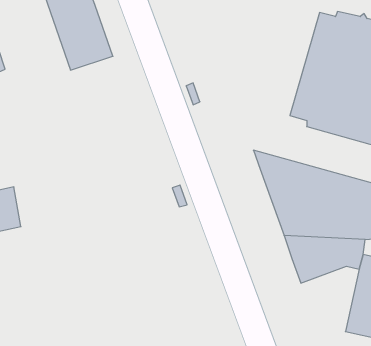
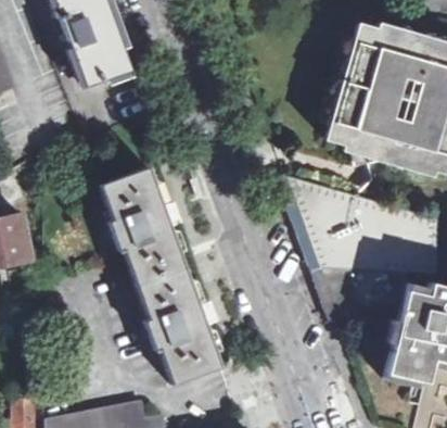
building: none -> [100,166,220,383]

